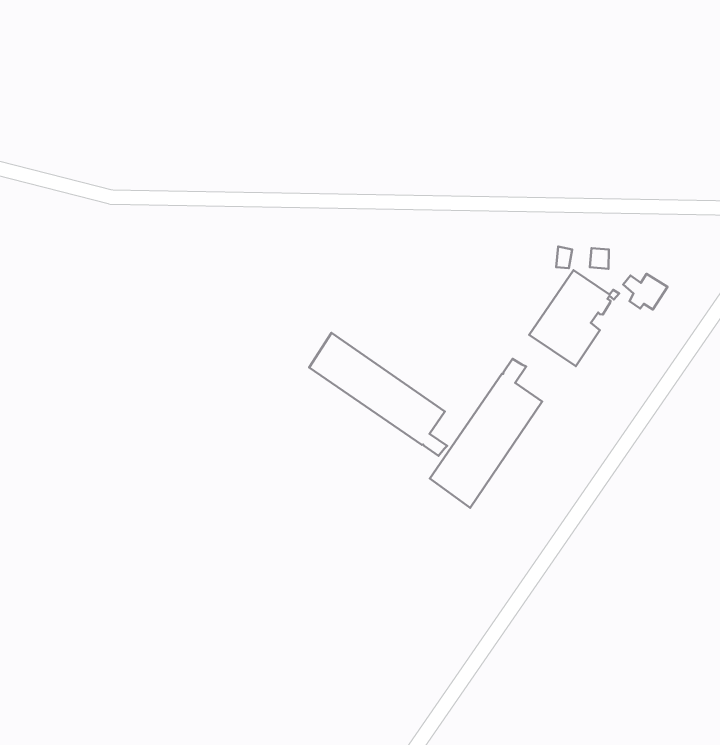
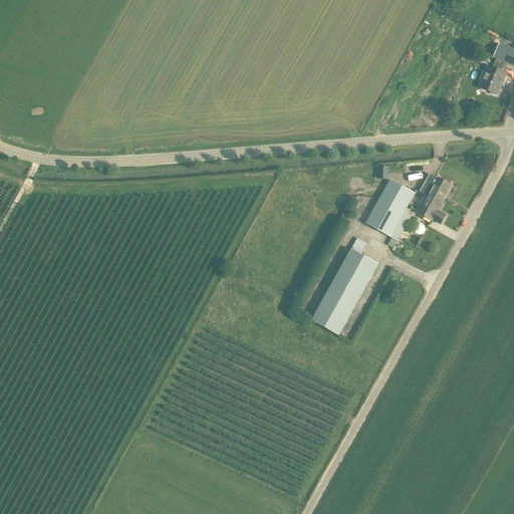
building: none -> [417,195,445,222]
building: [309,333,447,456] -> none

